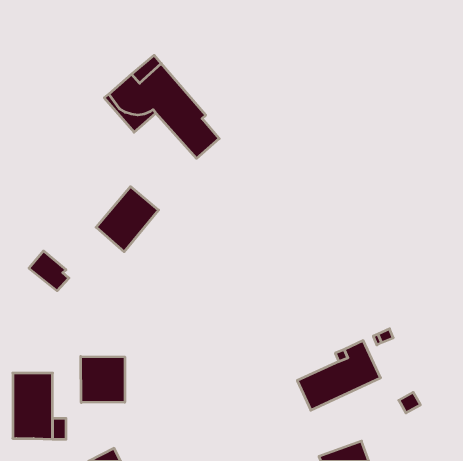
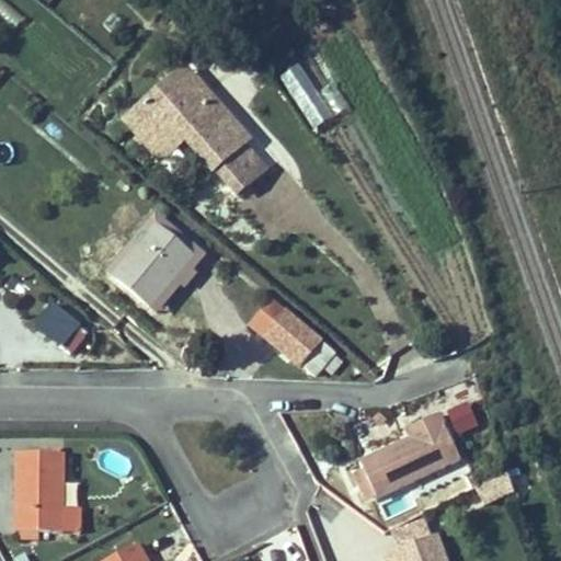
building: none -> [279,61,333,127]
building: none -> [110,214,204,310]
building: none -> [252,300,335,374]
building: [81,356,125,403] -> none

